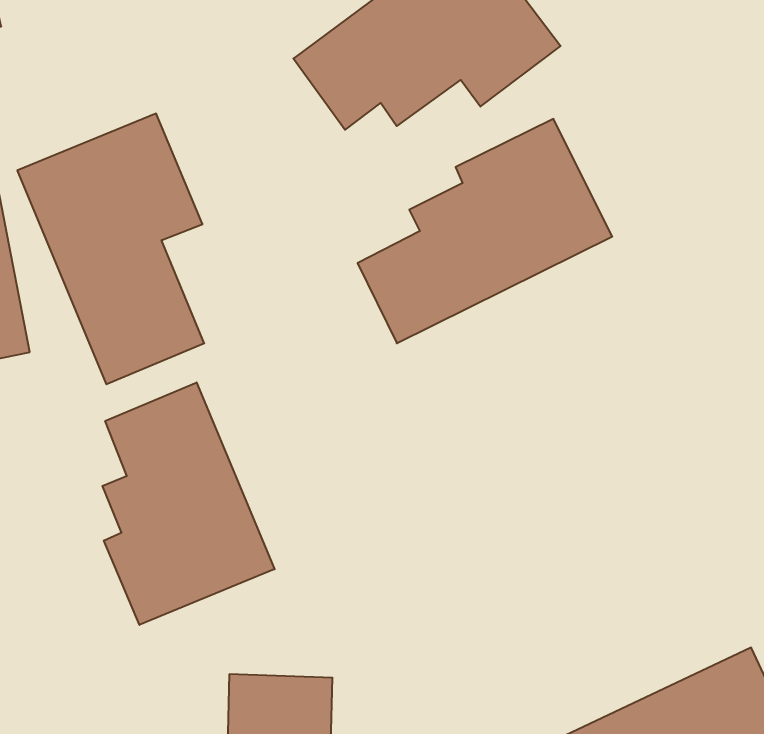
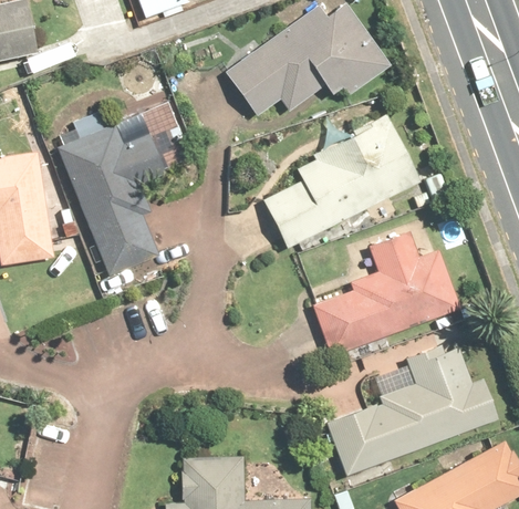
building: none -> [308,218,463,356]
building: [102,382,275,625] -> none
building: none -> [324,335,500,478]

